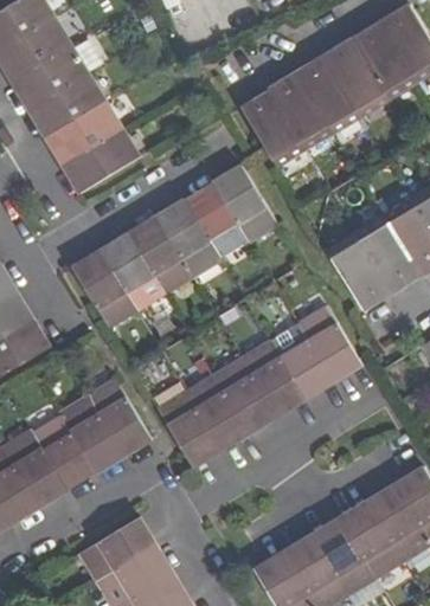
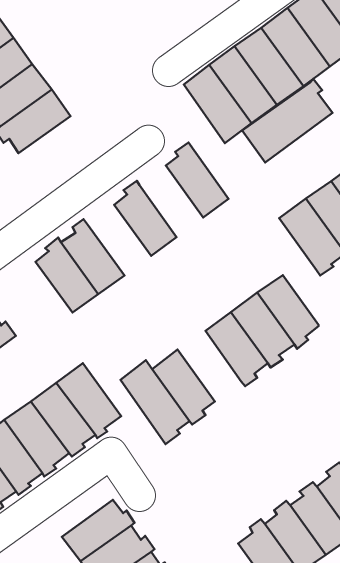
building: none -> [242,79,333,163]
building: [63,129,141,191] -> none
building: [187,183,249,260] -> none
building: [131,217,193,295] -> none
building: [212,357,274,434] -> none

